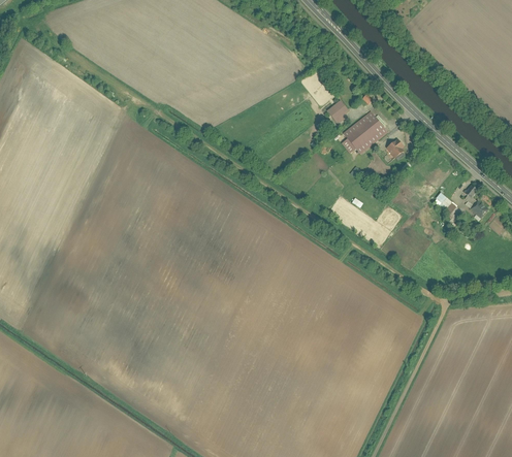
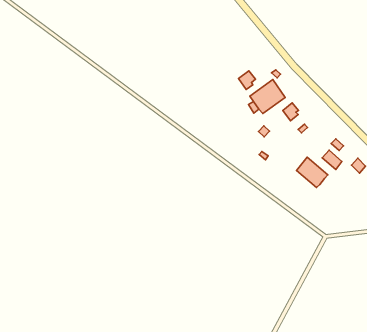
building: none -> [297,157,328,187]

